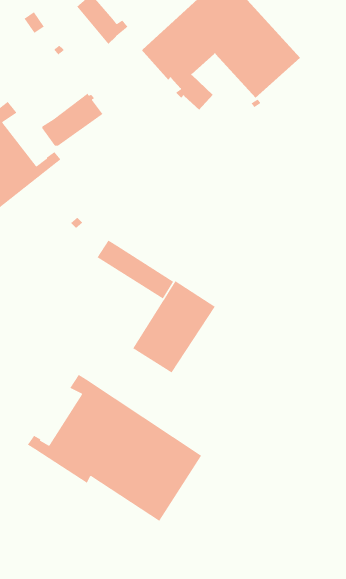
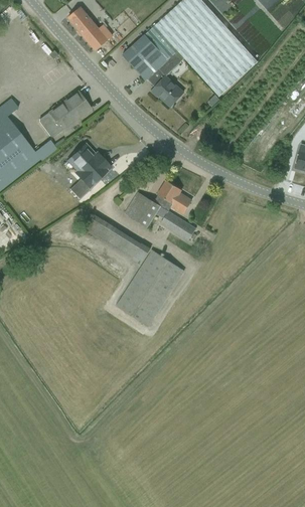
building: none -> [70,145,111,197]
building: none -> [125,180,196,241]
building: [27,374,202,522] -> none

